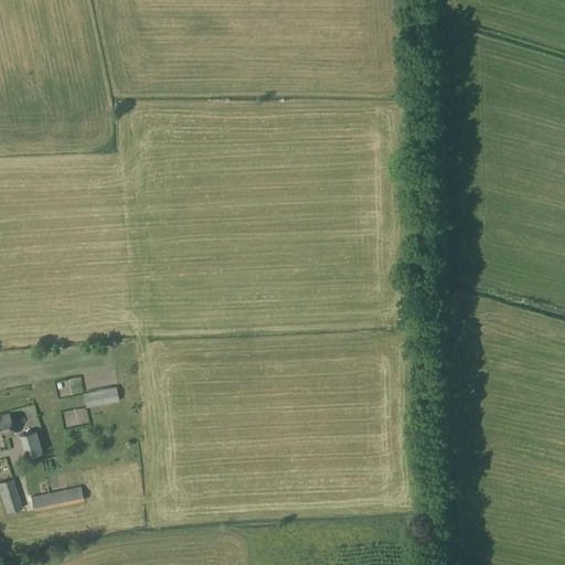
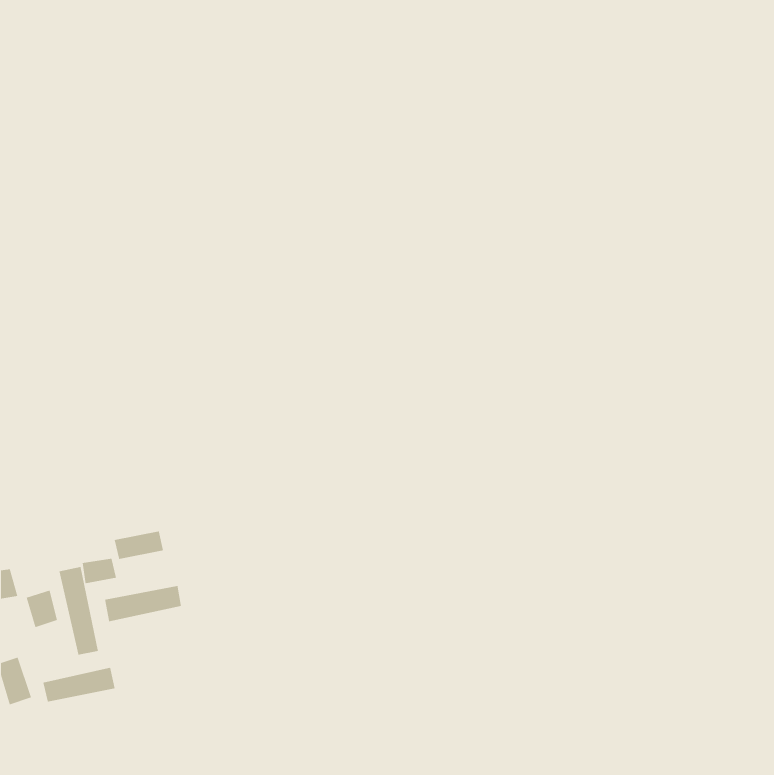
building: none -> [59,566,99,656]
building: none -> [104,585,182,622]

